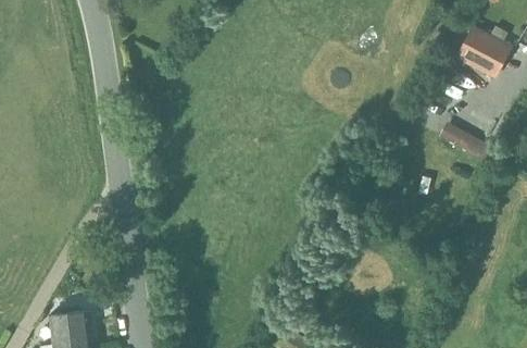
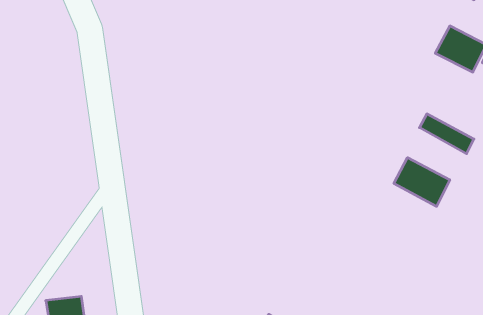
building: none -> [394,158,450,206]

